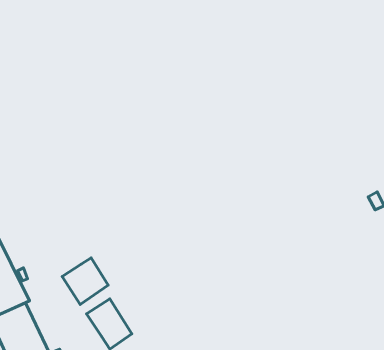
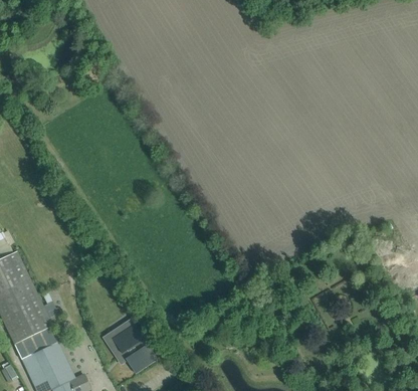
building: [62,258,108,304] -> none

